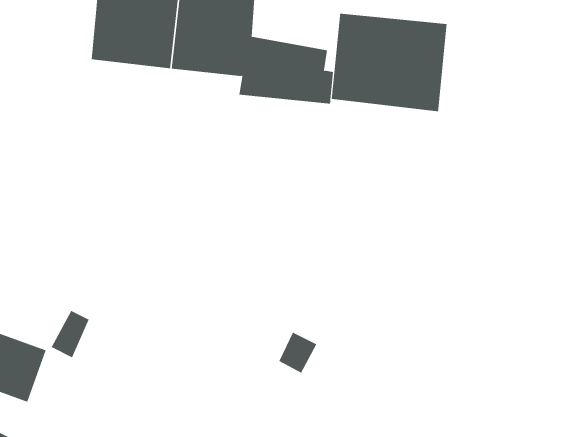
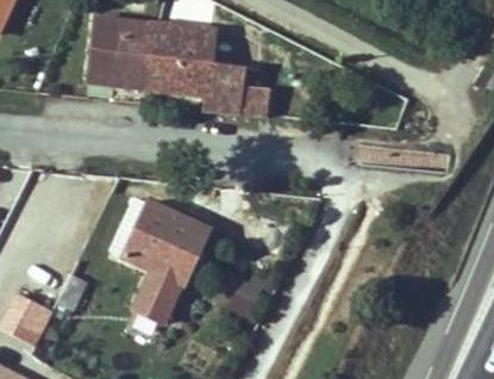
building: [331,13,447,112] -> none
building: none -> [110,197,208,321]

